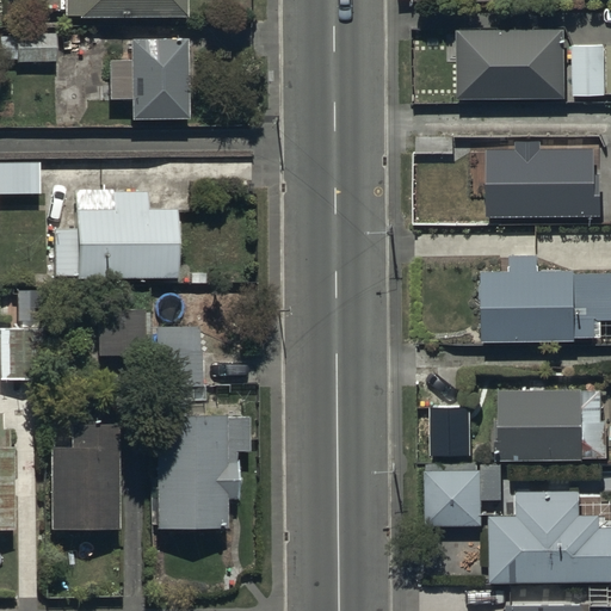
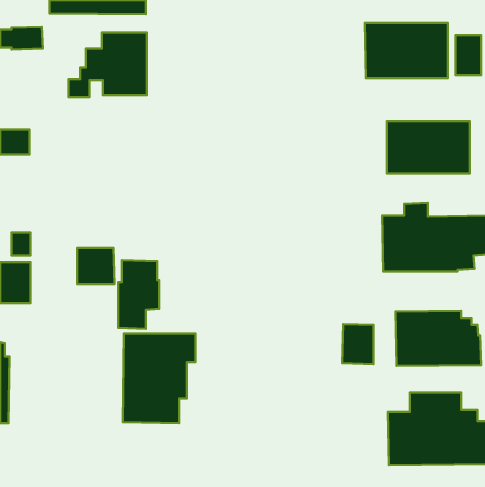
building: [54,192,177,279] -> none
building: [49,416,117,530] -> none
building: [425,463,501,525] -> none

